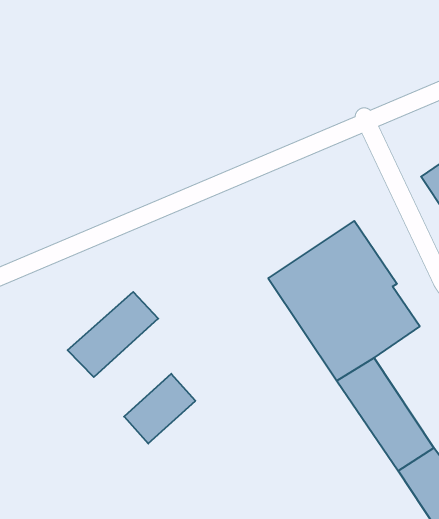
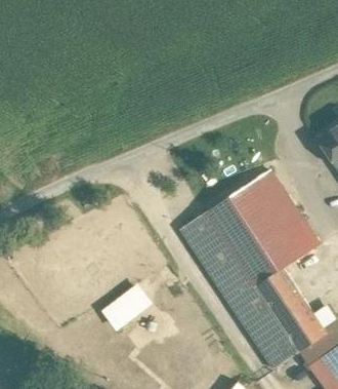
building: none -> [178,211,299,368]
building: [68,292,158,377] -> none

